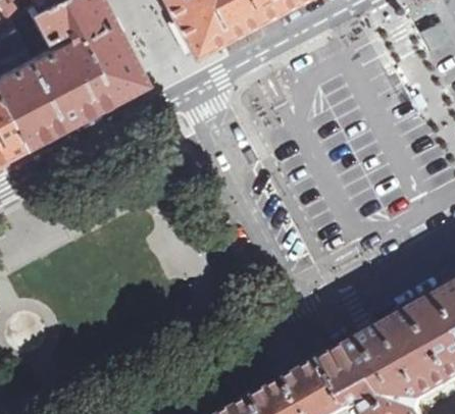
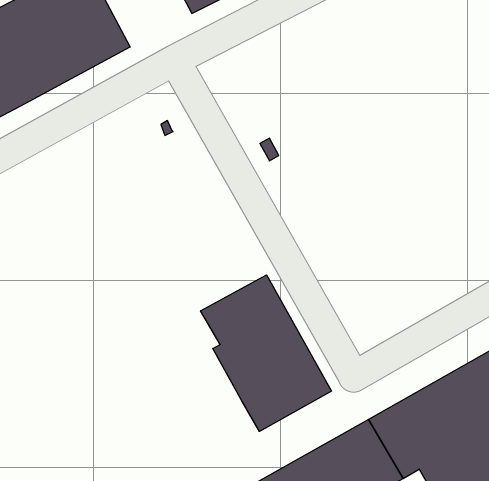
building: none -> [201,275,332,431]

